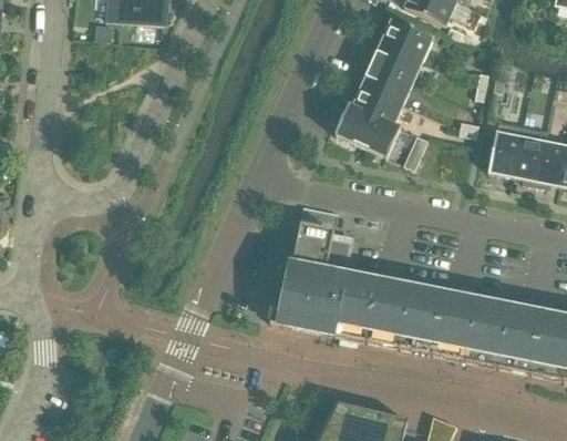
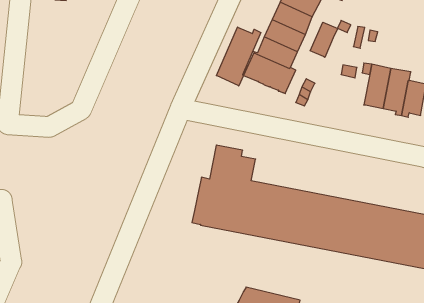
building: none -> [310,22,338,57]
building: none -> [216,27,261,86]

